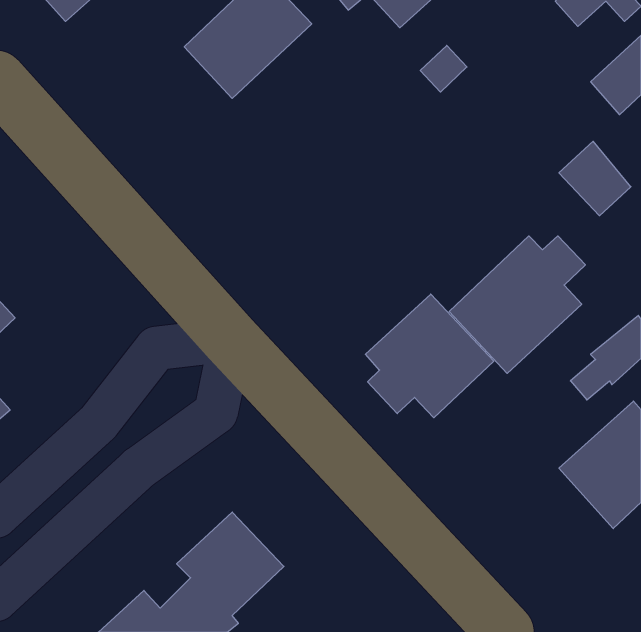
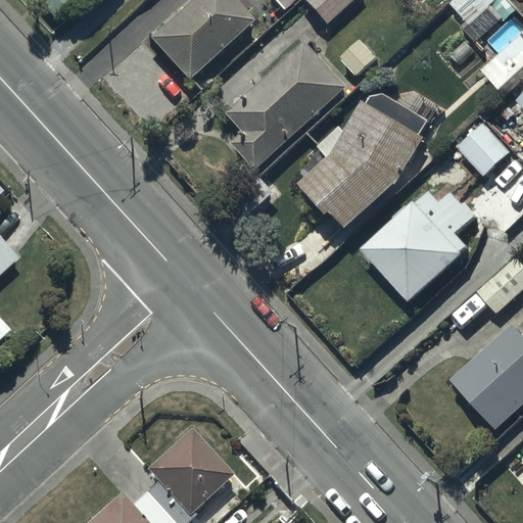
building: none -> [227,39,347,170]
building: none -> [300,99,425,231]
building: [365,294,494,418] -> none

